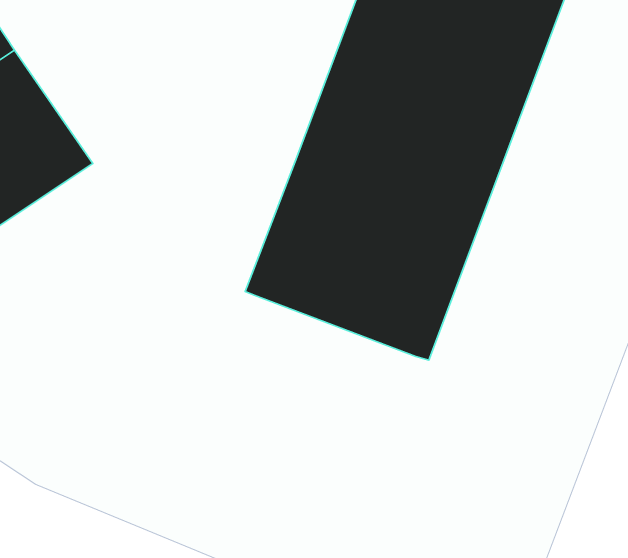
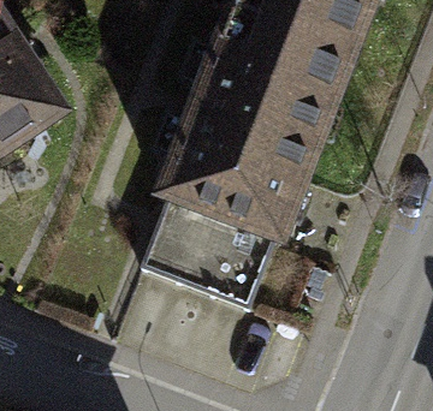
building: none -> [144,201,274,309]

